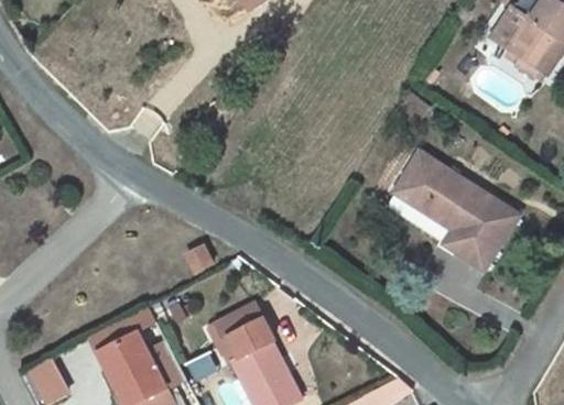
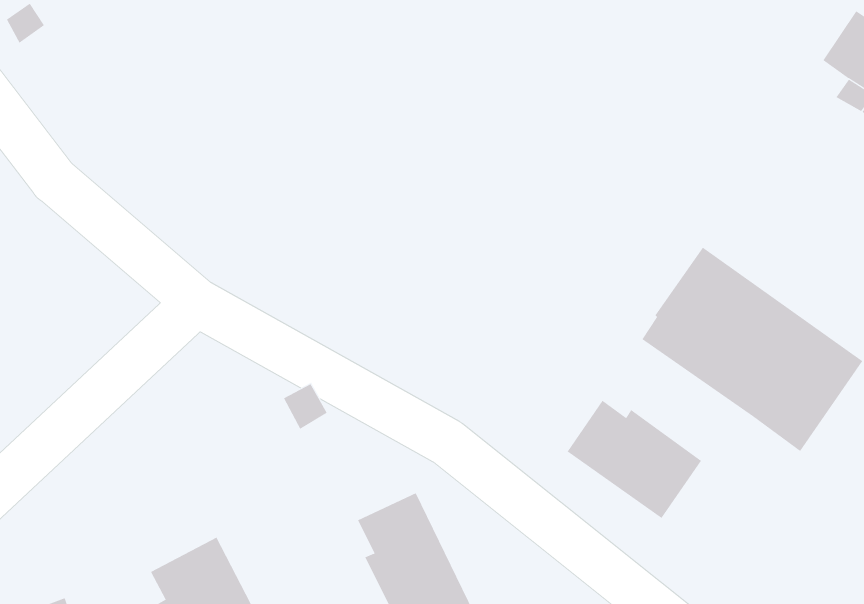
building: none -> [567,400,702,519]

